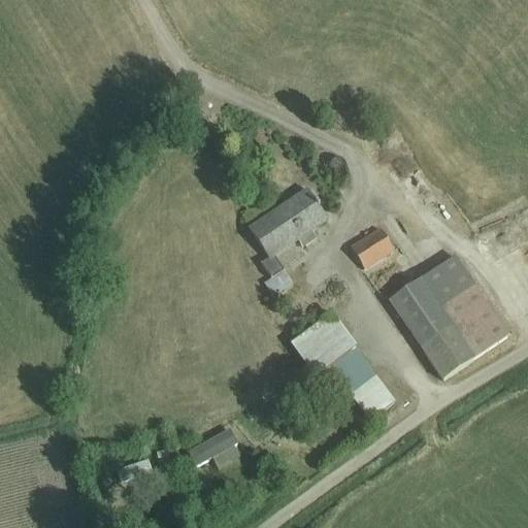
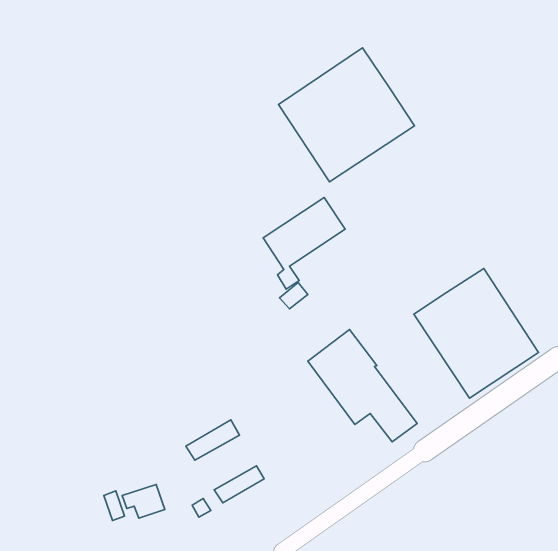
building: none -> [279,48,414,182]
building: [352,226,396,266] -> none
building: [186,427,236,465] -> [186,420,239,460]

